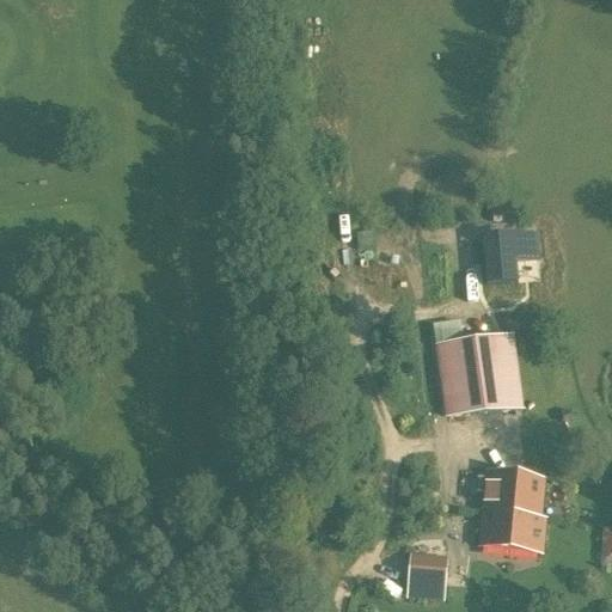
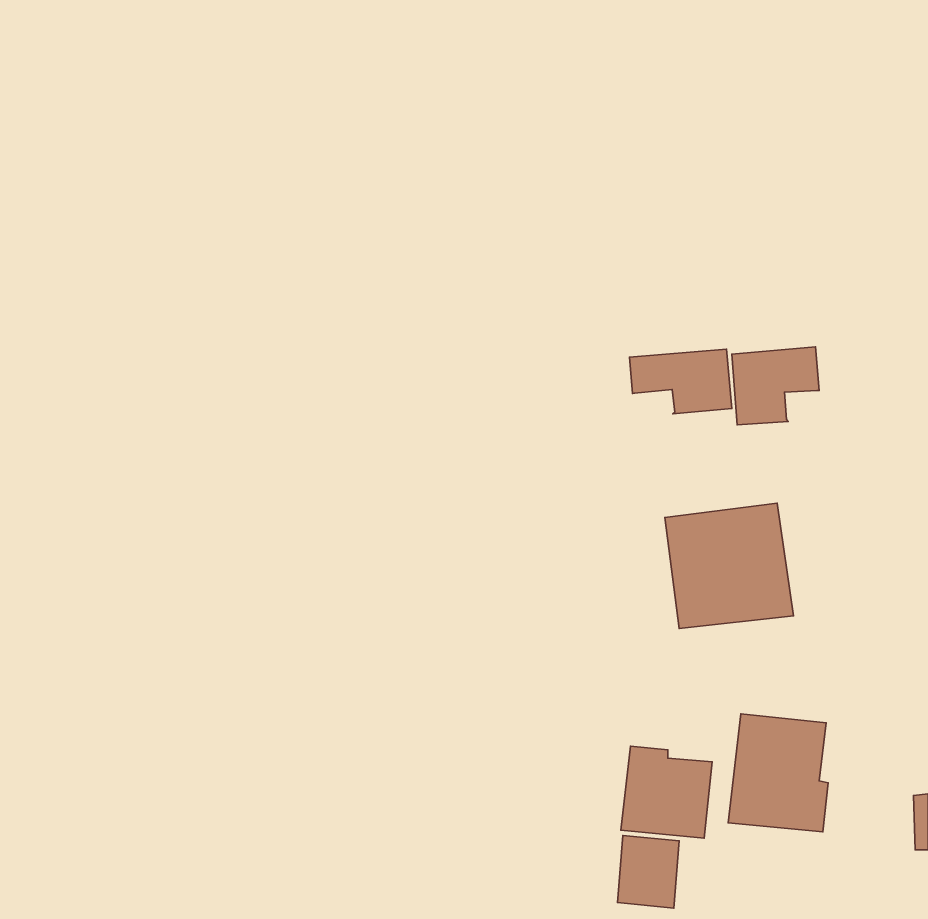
building: none -> [629,349,732,414]
building: none -> [621,746,712,838]

